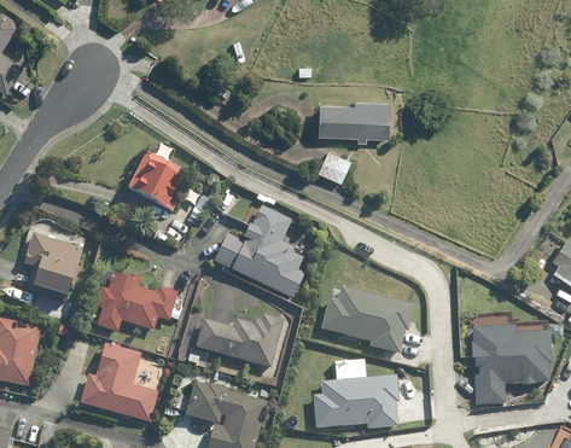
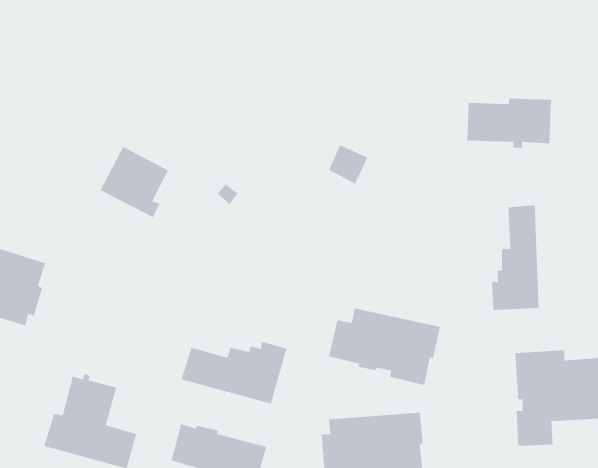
building: [319,100,390,142] -> [466,98,552,148]
building: none -> [491,205,540,311]
building: [214,206,304,298] -> none
building: [95,273,181,332] -> none

